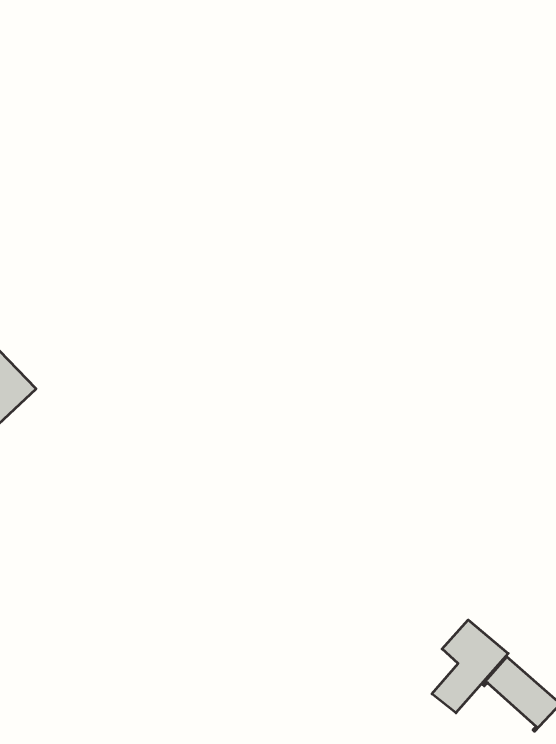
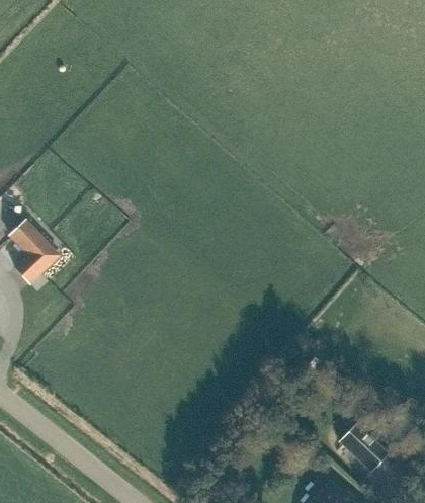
building: [432,620,508,713] -> none

